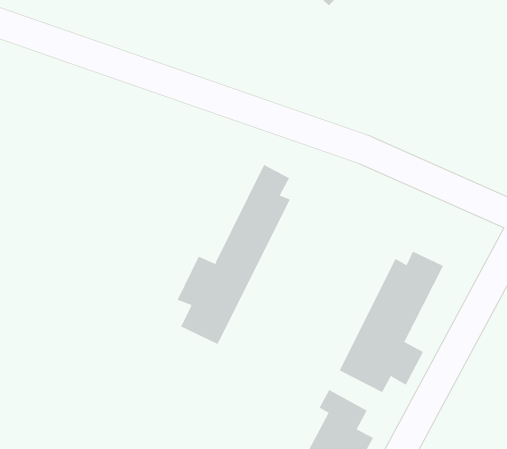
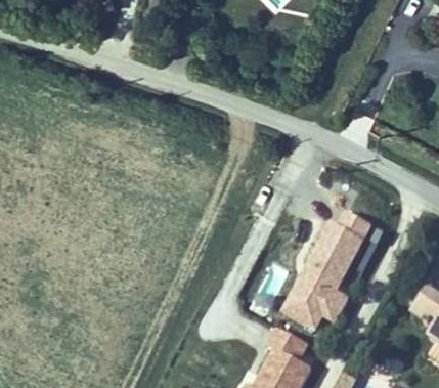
building: [177,164,291,345] -> none

